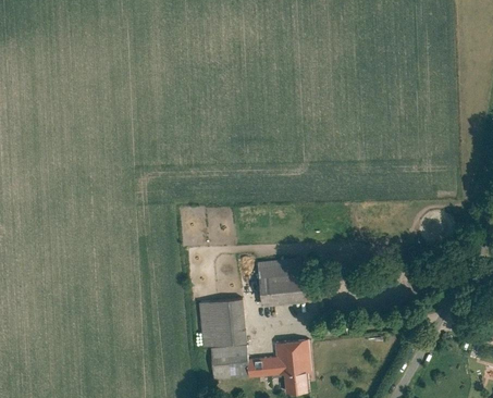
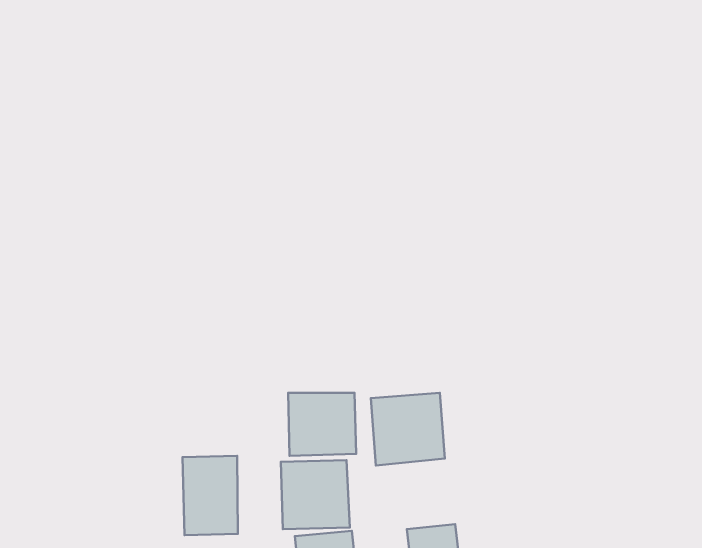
building: none -> [288,393,356,456]
building: none -> [182,456,238,535]

